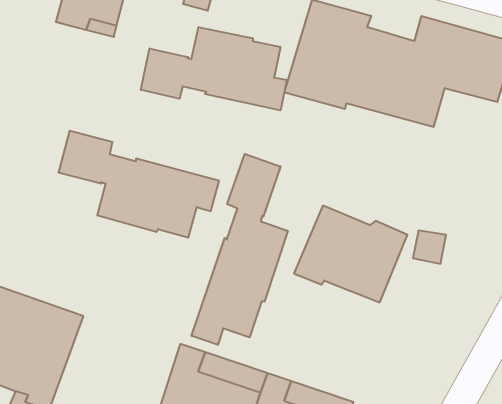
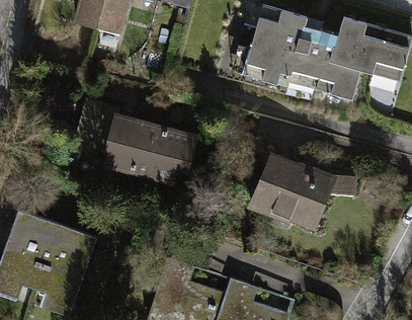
building: [141,27,287,110] -> none
building: [191,154,288,345] -> none

